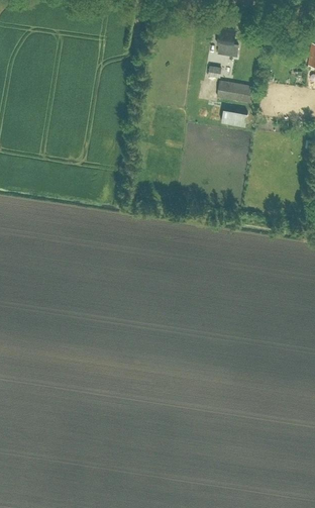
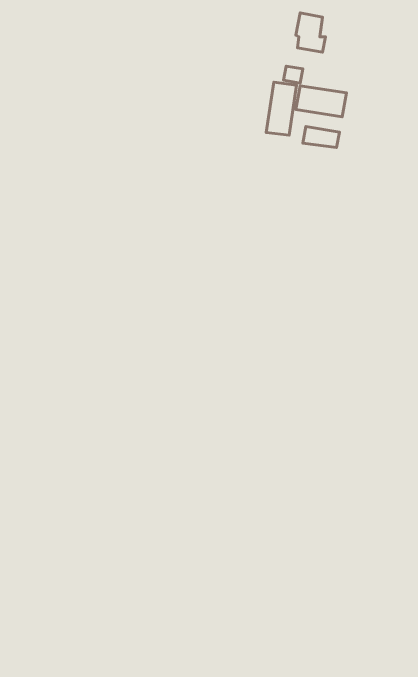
building: none -> [266,82,297,135]

